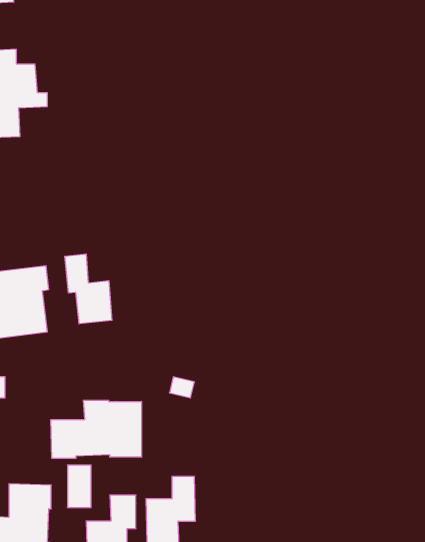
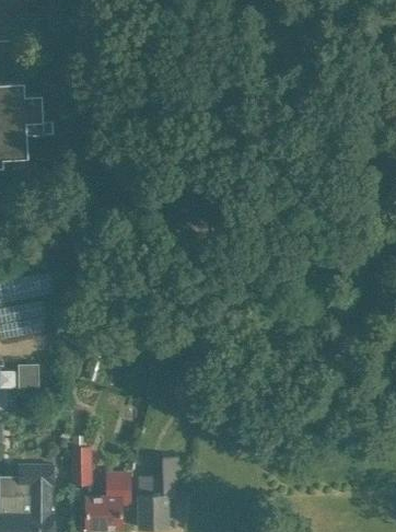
building: [65,254,112,324] -> none
building: none -> [18,365,38,395]
building: [51,400,141,458] -> none

